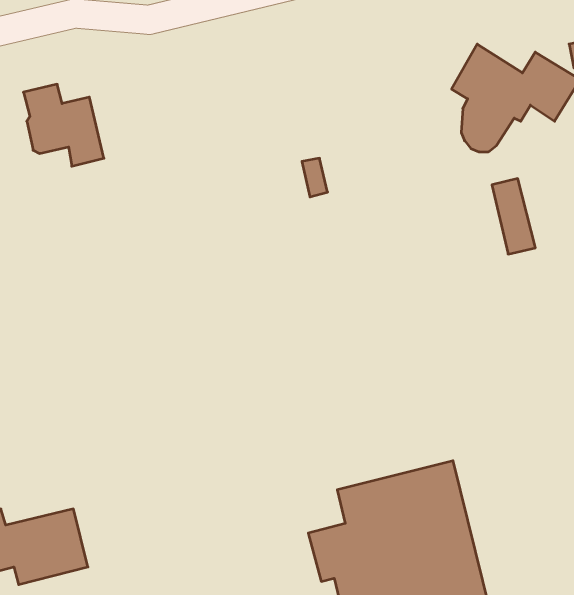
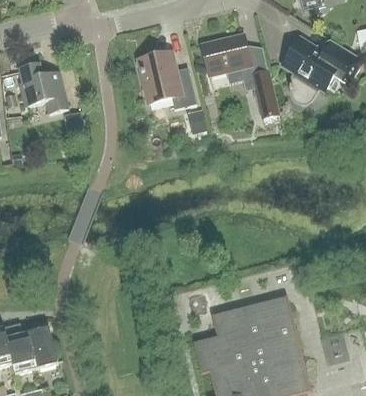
building: none -> [201,33,251,74]
building: none -> [138,51,196,108]
building: [492,179,535,254] -> [251,69,278,116]

